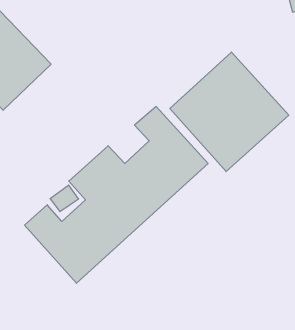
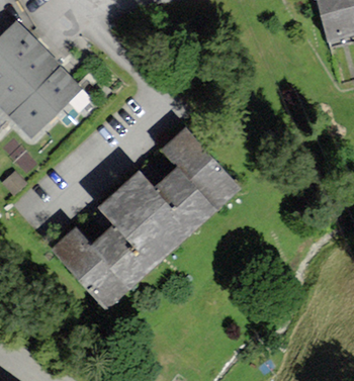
building: [170,52,289,172] -> none

